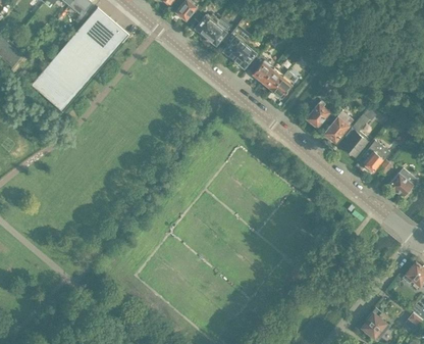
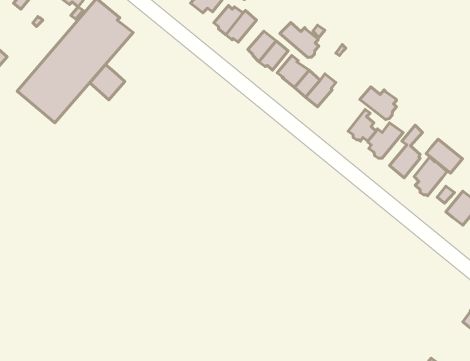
building: none -> [280,22,319,57]
building: none -> [90,64,125,100]
building: none -> [360,87,397,119]
building: none -> [426,139,463,173]

